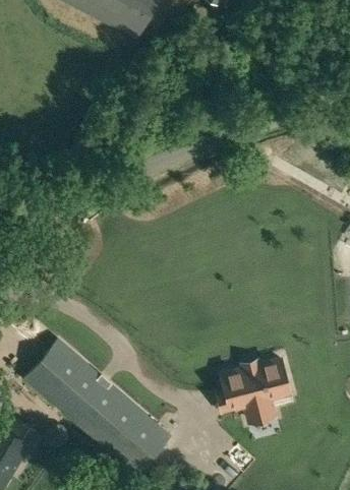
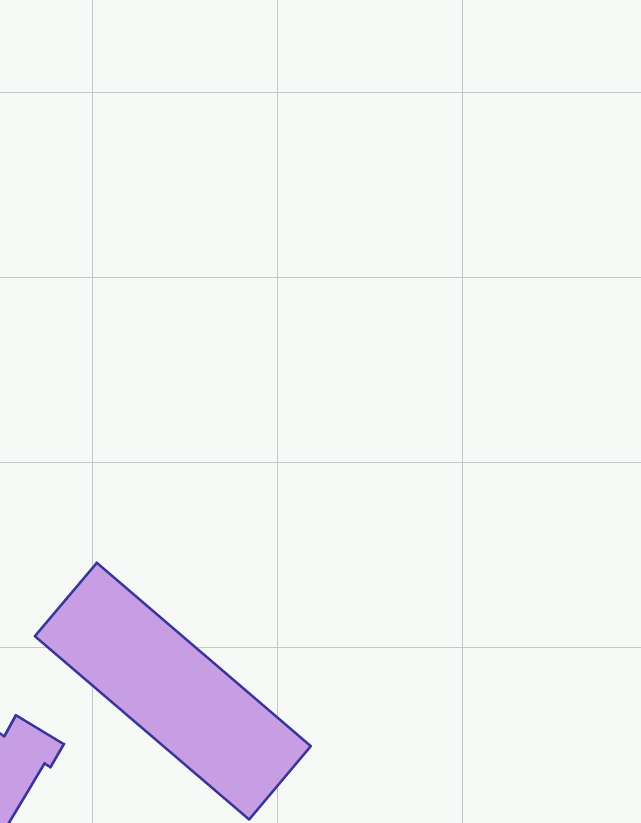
building: [220,357,285,414] -> none

